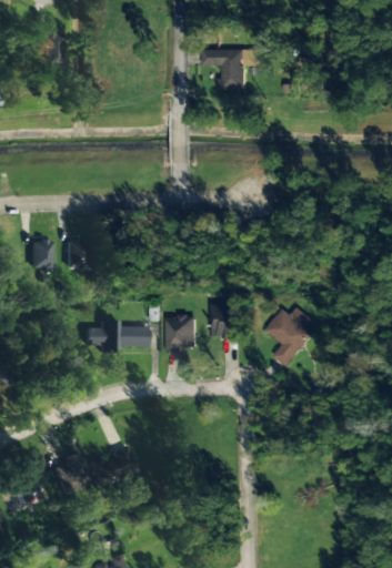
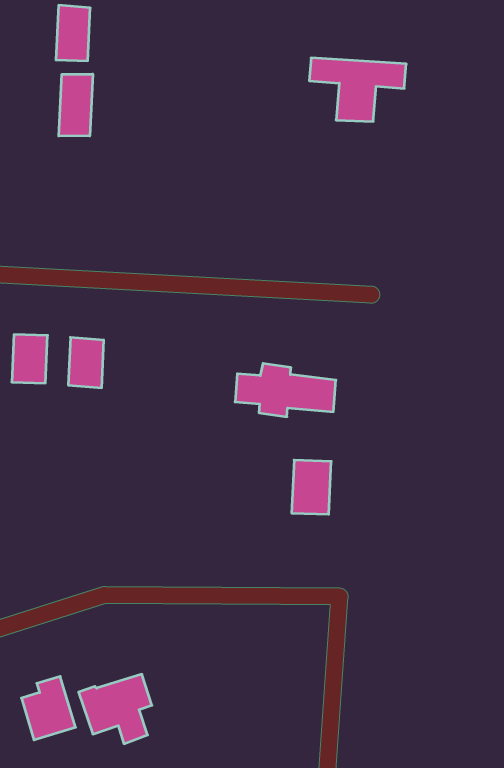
building: none -> [59,74,93,136]
building: [267,307,313,365] -> none
building: [167,315,197,351] -> none
building: [87,320,149,352] -> [235,363,336,417]

